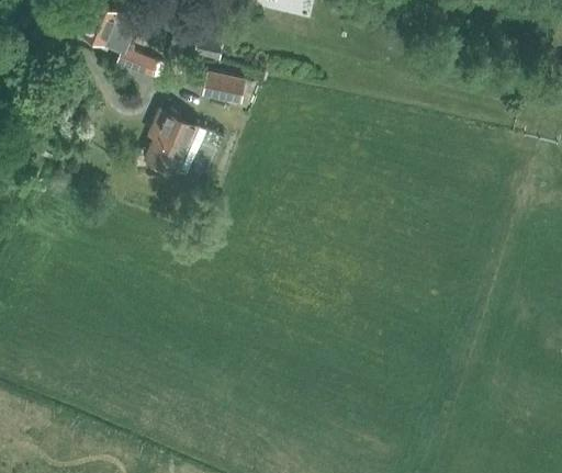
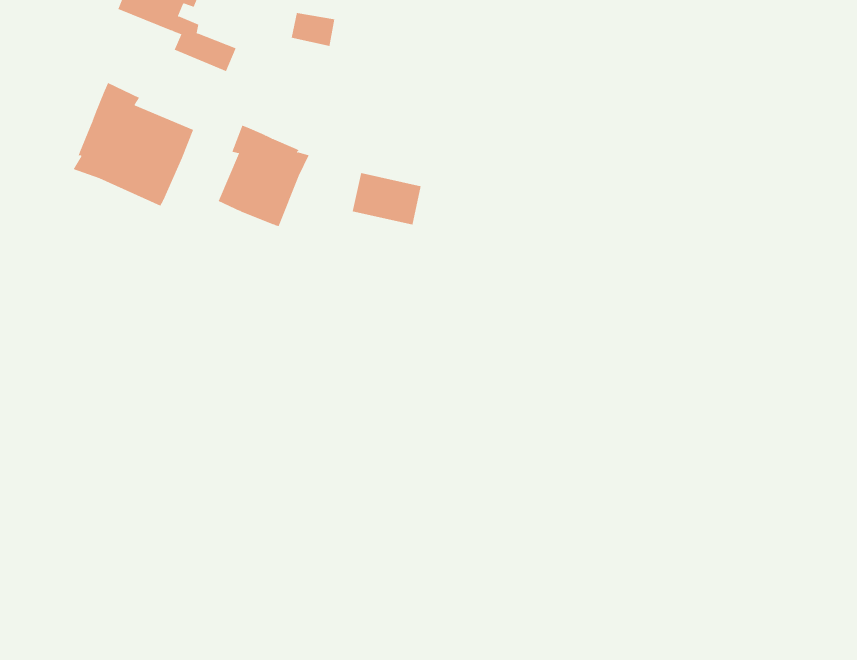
building: [200,70,245,104] -> [352,172,422,225]
building: none -> [73,82,194,206]

